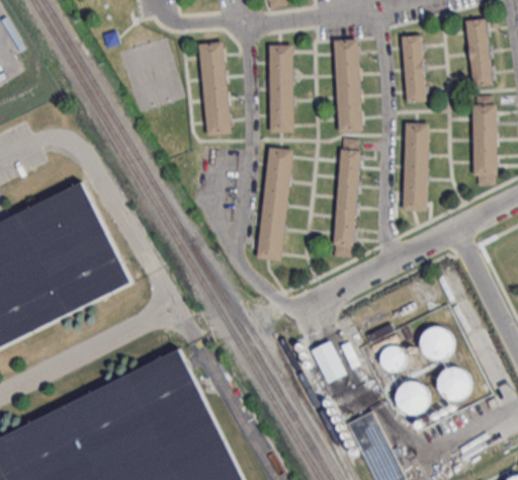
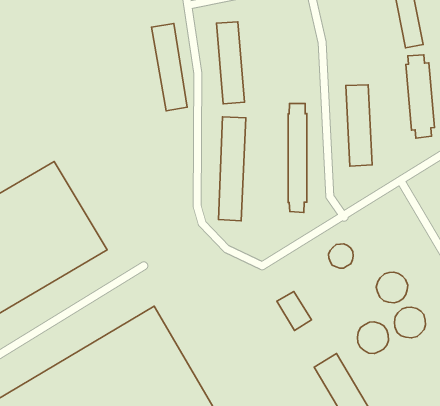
building: [401,34,426,102] -> none
building: [333,38,363,133] -> none
building: [382,347,409,374] -> [329,244,353,268]

